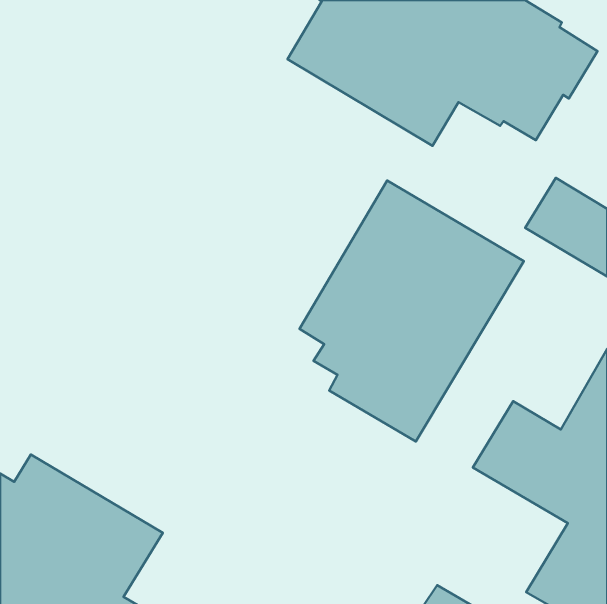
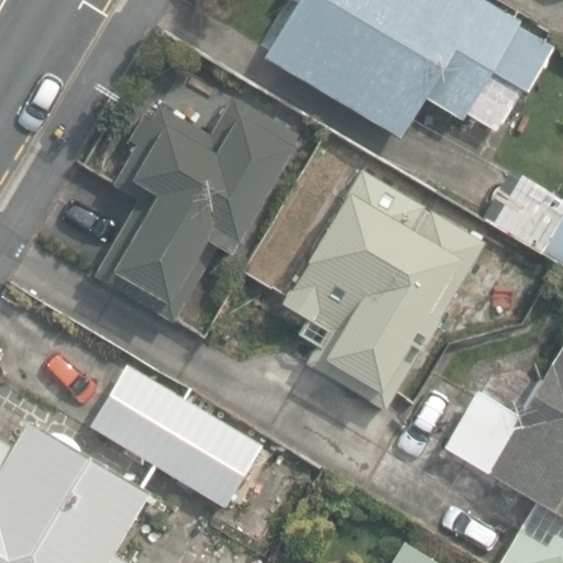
building: none -> [95,100,296,321]
building: none -> [91,366,263,506]

